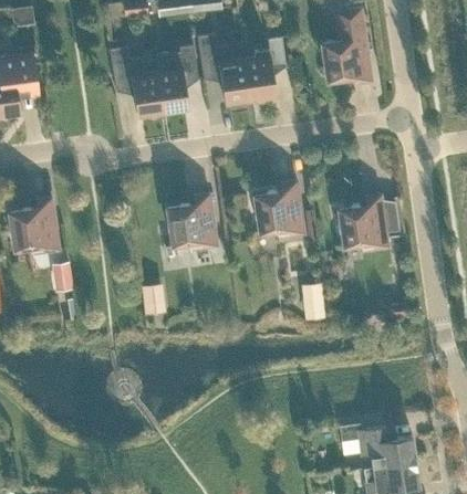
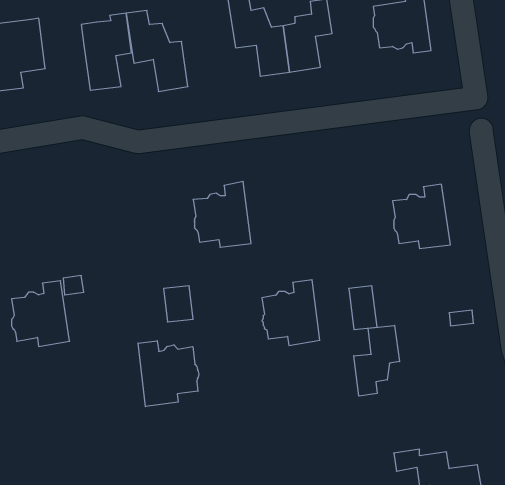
building: [155,44,198,111] -> [81,13,131,90]
building: [255,180,304,237] -> [262,280,320,345]
building: [10,197,60,253] -> [12,281,70,346]
building: none -> [354,325,400,396]
building: none -> [138,341,199,407]

